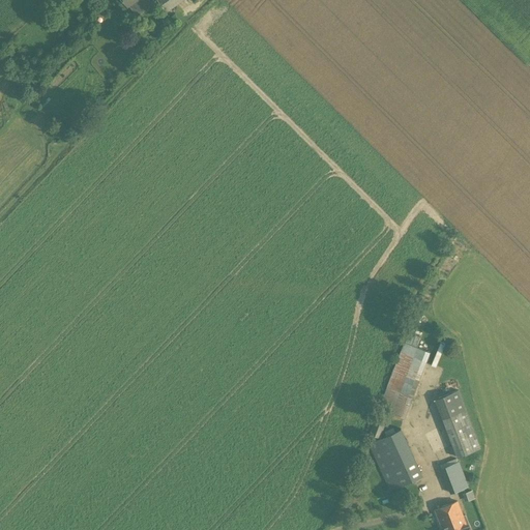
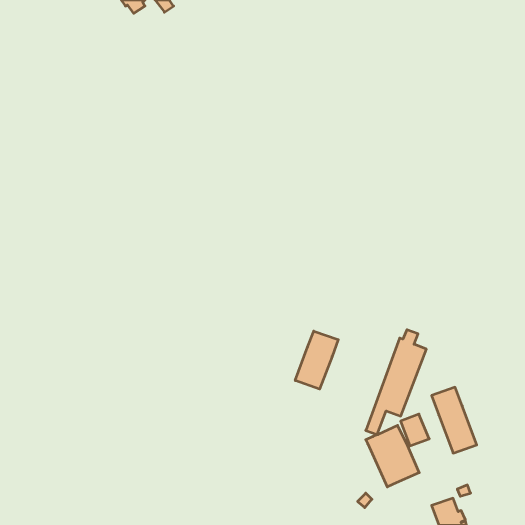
building: none -> [295,331,338,389]
building: [440,461,469,493] -> [401,414,429,446]

